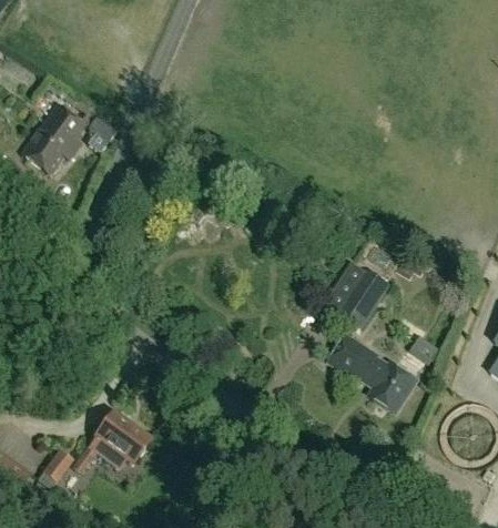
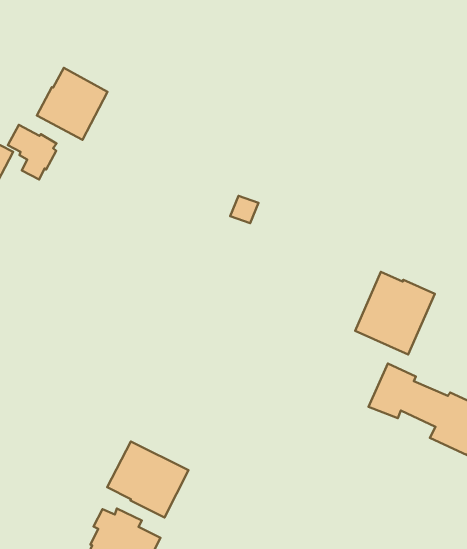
building: none -> [37,68,108,140]
building: none -> [107,441,188,518]

